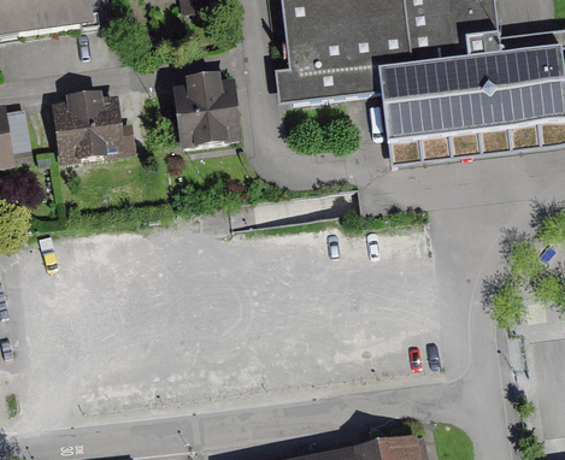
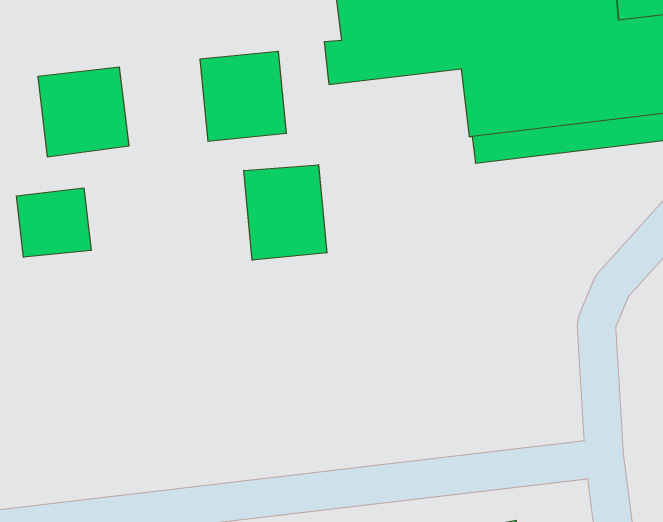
building: none -> [244,165,327,260]
building: none -> [17,188,91,257]

